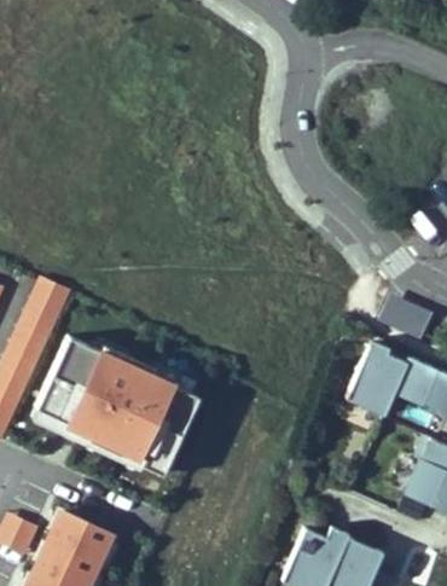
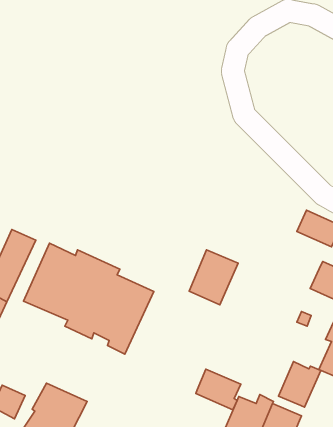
building: [22,277,71,332] -> none
building: [347,347,408,416] -> [189,250,238,305]
building: none -> [279,362,321,407]
building: none -> [196,369,241,410]

